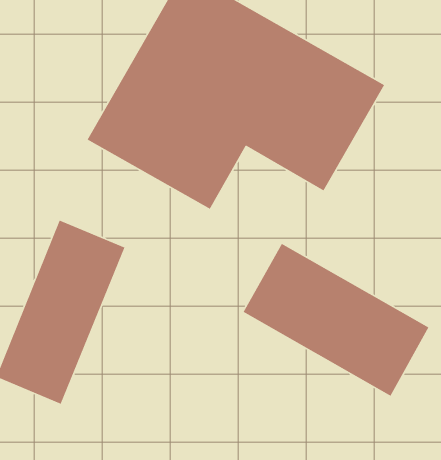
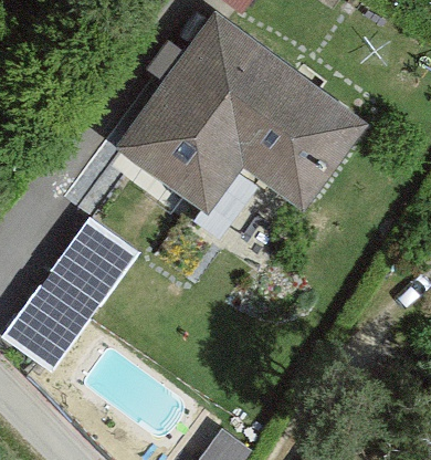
building: [243,243,429,397] -> none

